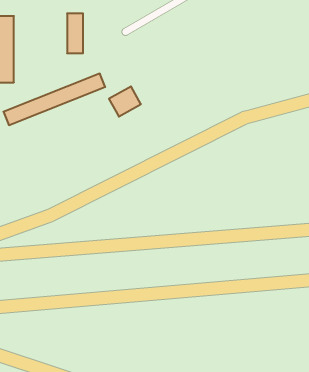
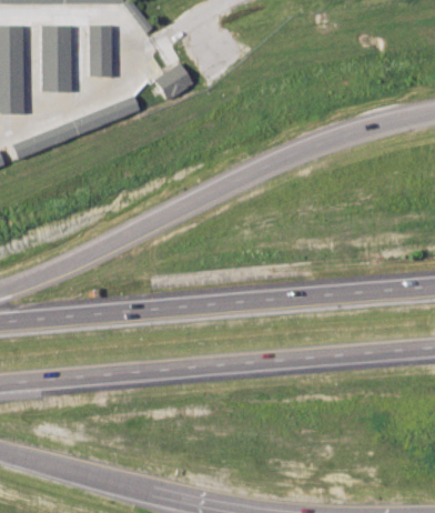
building: none -> [42,23,69,84]
building: [109,86,141,117] -> [152,63,192,101]

